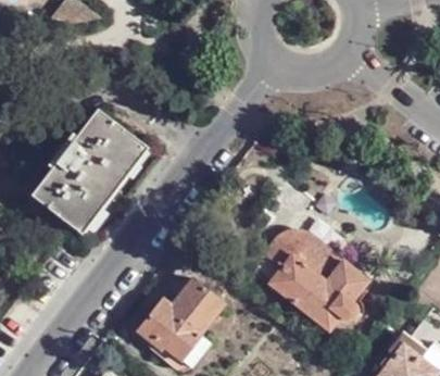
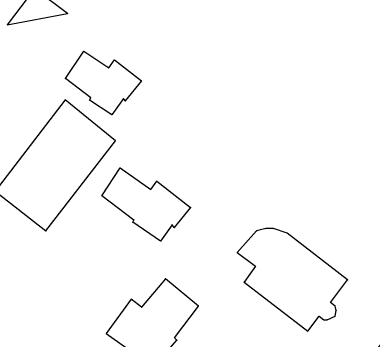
building: none -> [65,51,141,115]
building: none -> [102,168,191,241]

